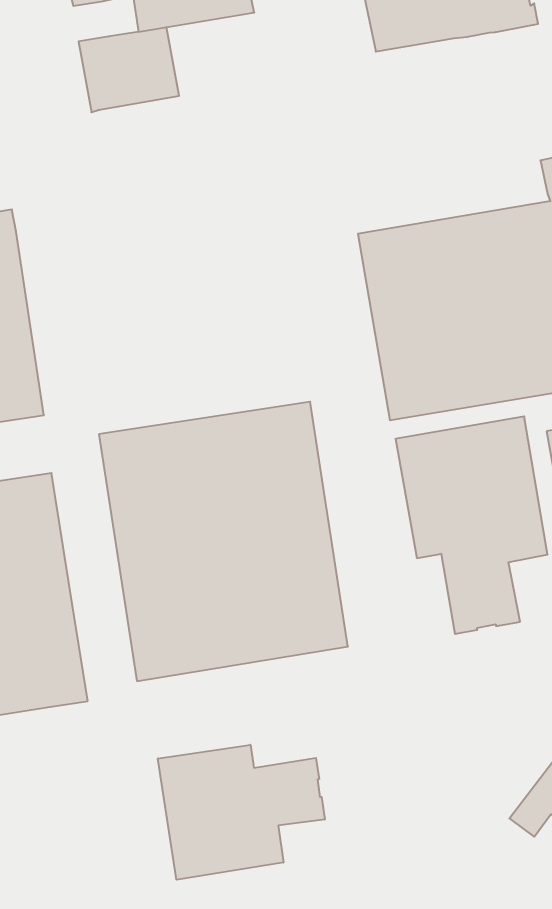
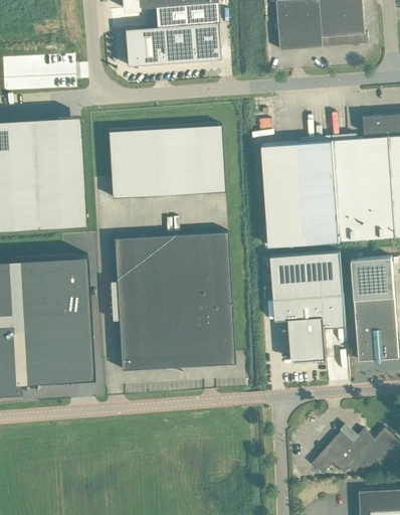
building: none -> [171,23,220,63]
building: none -> [108,126,225,199]
building: [158,745,325,880] -> none

